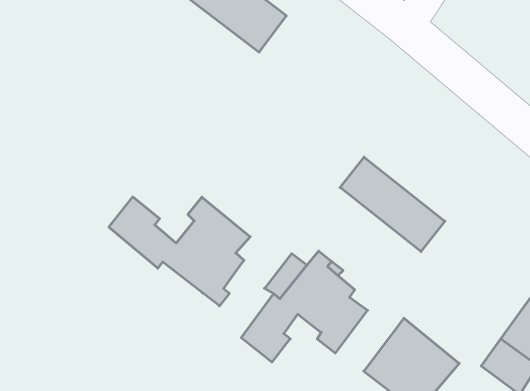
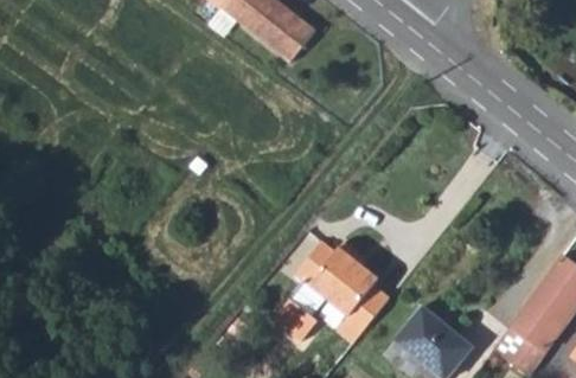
building: [340,157,445,252] -> none
building: [109,197,250,306] -> none

